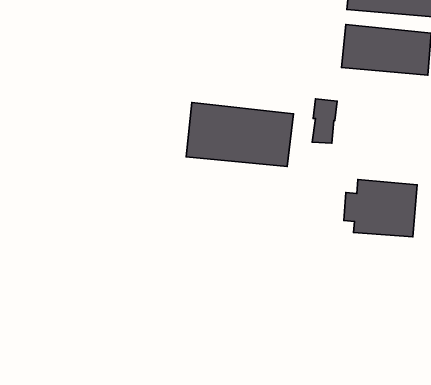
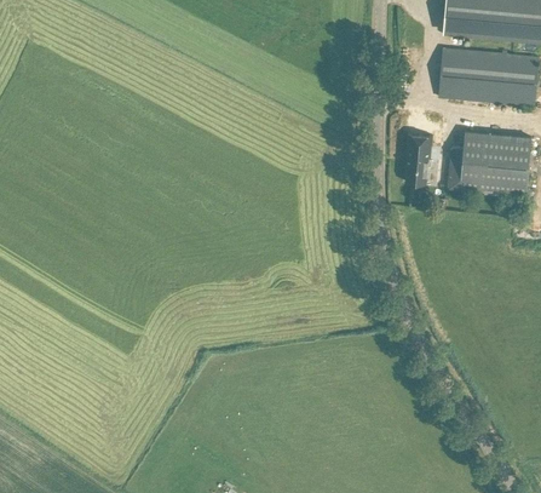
building: [186,103,293,167] -> none
building: [344,179,417,237] -> [449,131,531,195]

